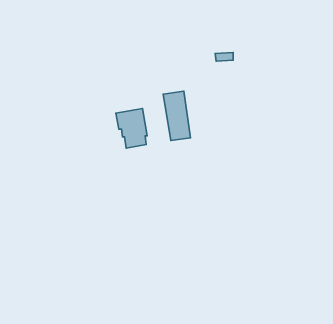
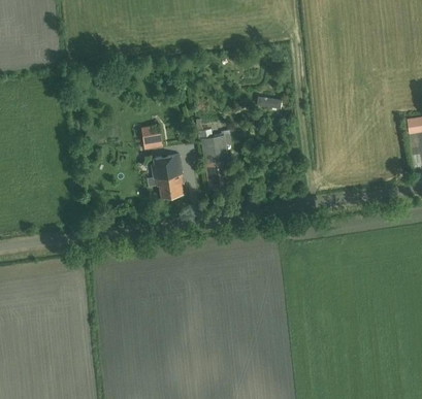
building: none -> [139,123,163,148]

